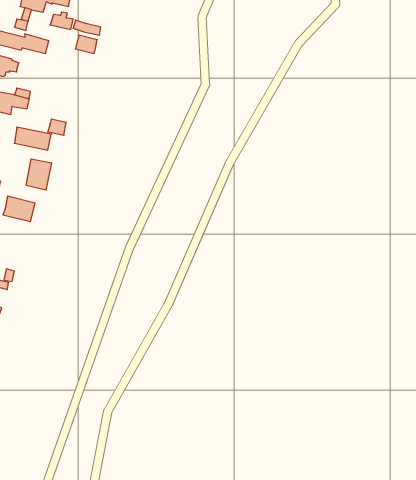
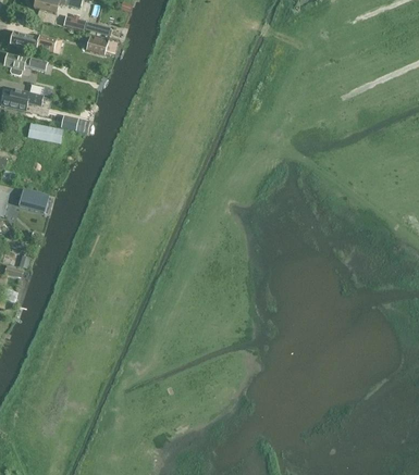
building: [26,159,51,190] -> none

